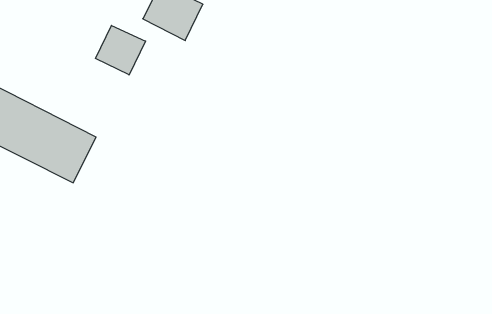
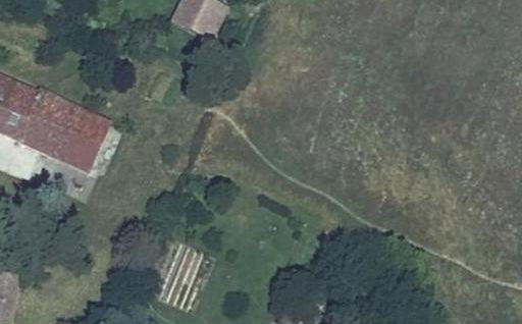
building: [96,25,146,75] -> none

